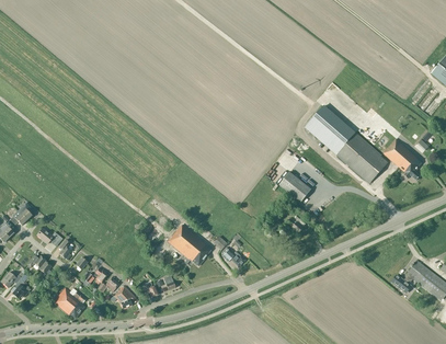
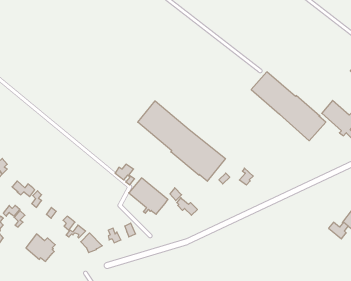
building: none -> [138,101,225,181]
building: [279,172,311,202] -> none

